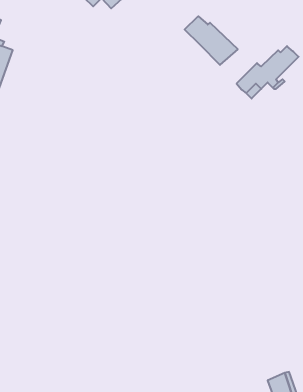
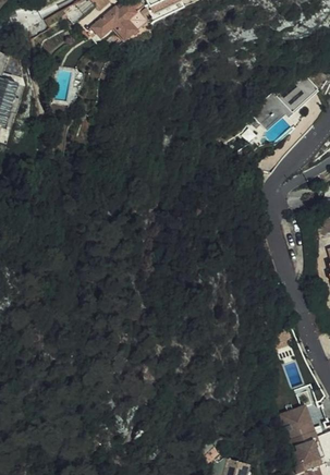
building: [185,16,238,65] -> none

